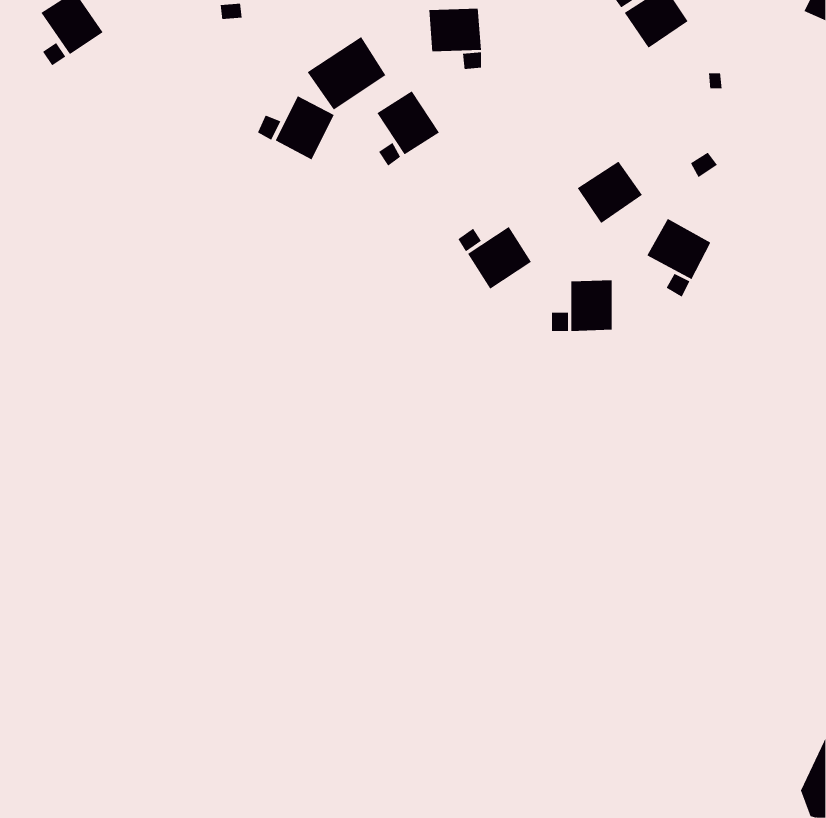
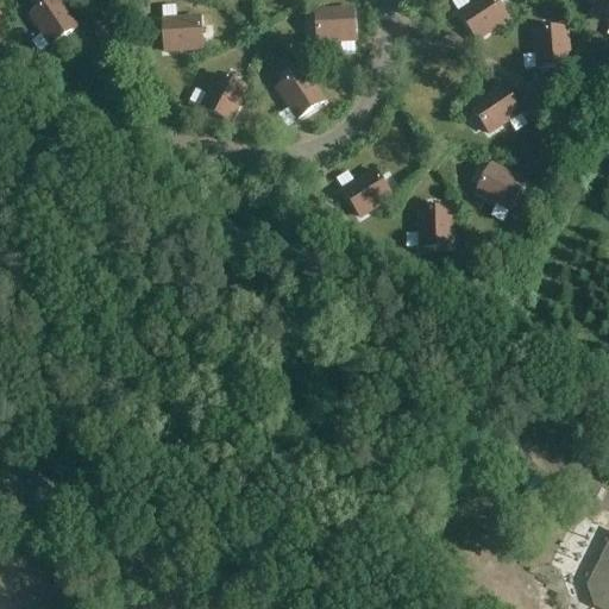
building: none -> [163,14,202,48]
building: none -> [535,25,569,64]
building: [307,36,386,111] -> none
building: [577,161,643,224] -> [471,83,520,130]

